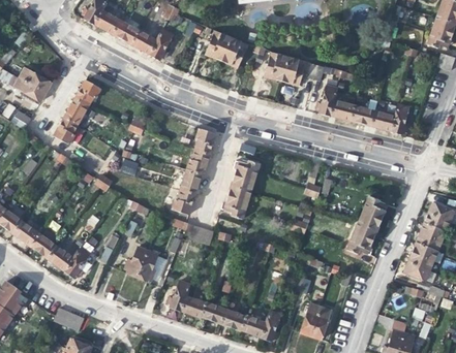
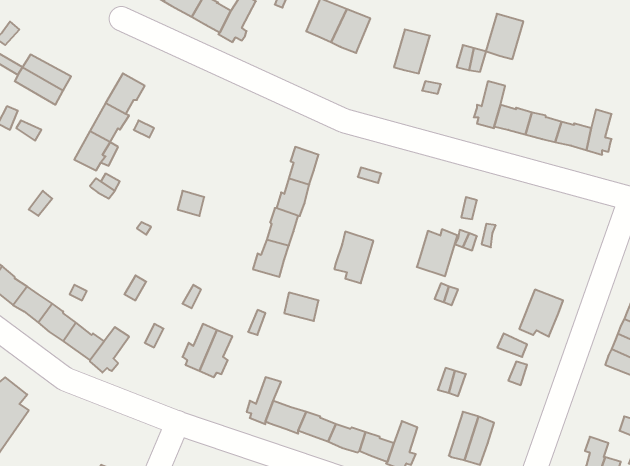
building: [280,56,305,86] -> [486,14,523,59]
building: [232,160,259,191] -> [417,229,458,276]
building: [357,195,386,230] -> none
building: [54,307,84,331] -> none

